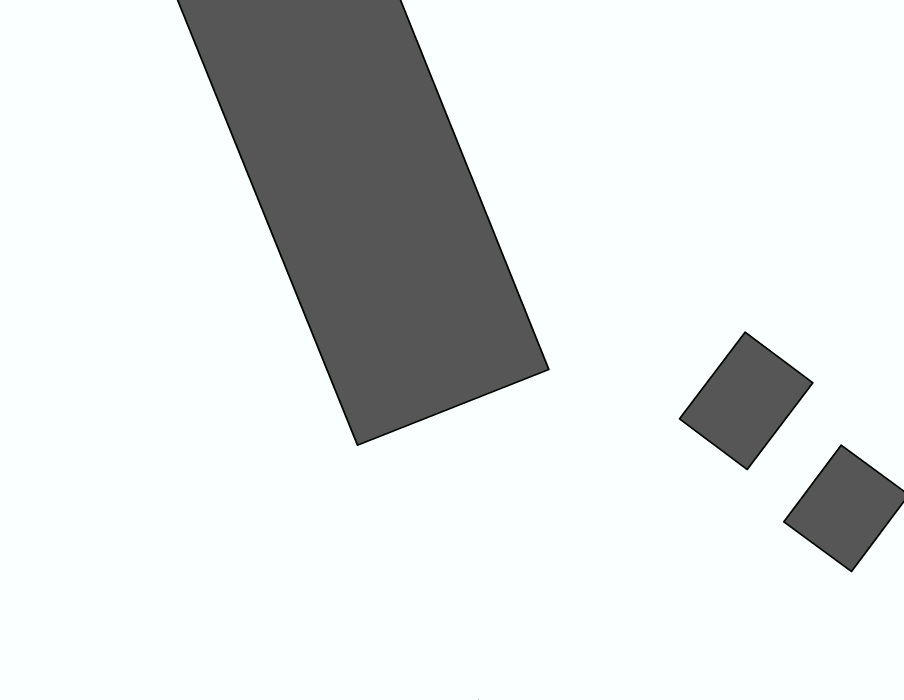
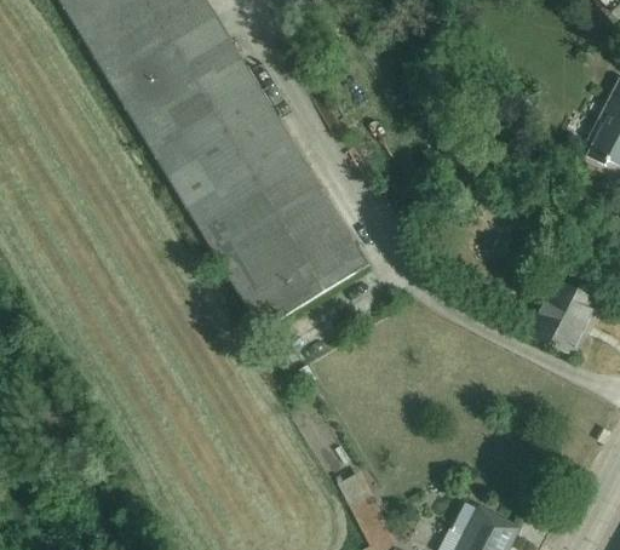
building: [680,332,813,470] -> none

